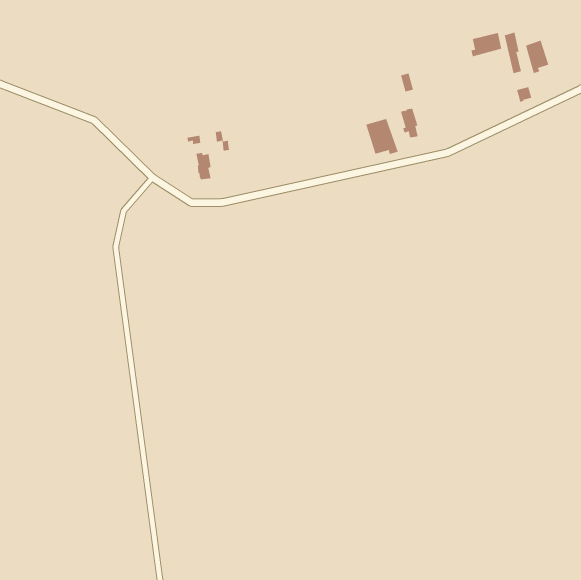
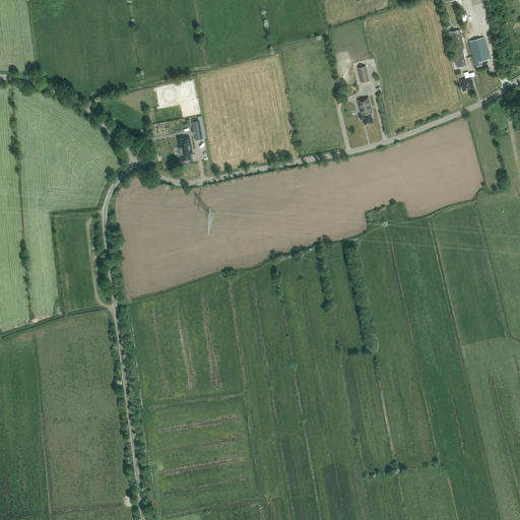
building: [471,32,502,57] -> none
building: [366,118,399,155] -> none

